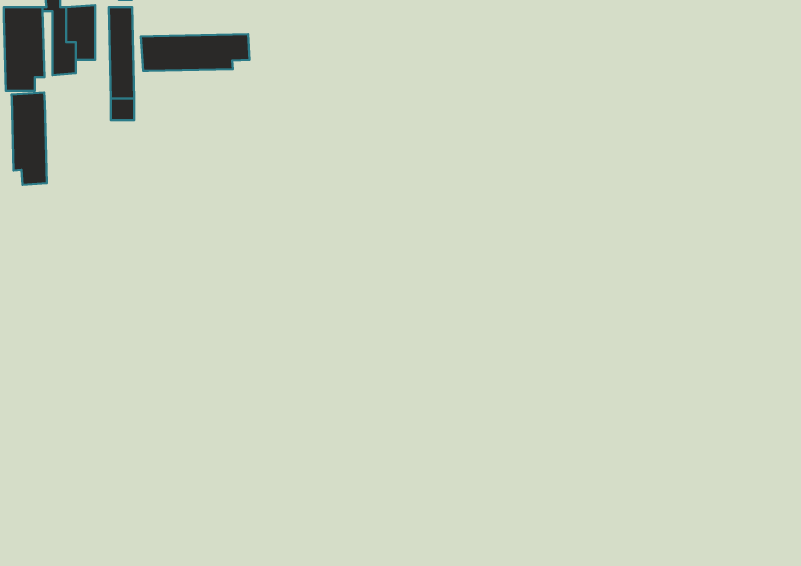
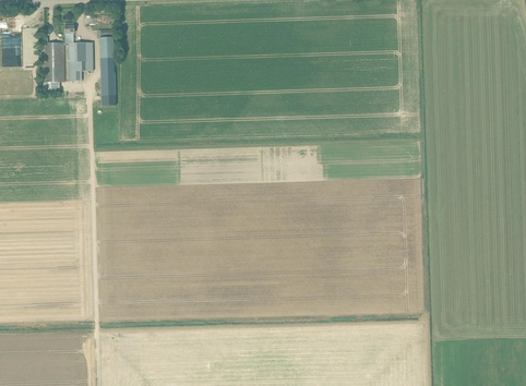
building: [141,34,250,71] -> none
building: [12,92,47,185] -> none

